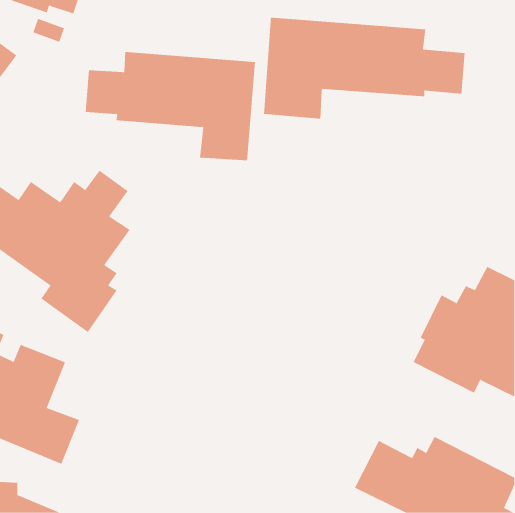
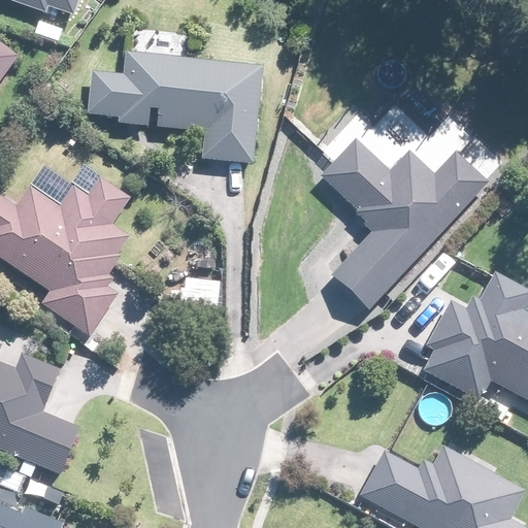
building: [264,17,465,120] -> none
building: none -> [320,137,486,309]

